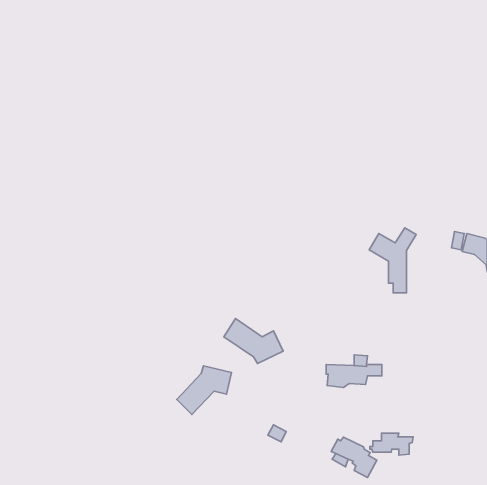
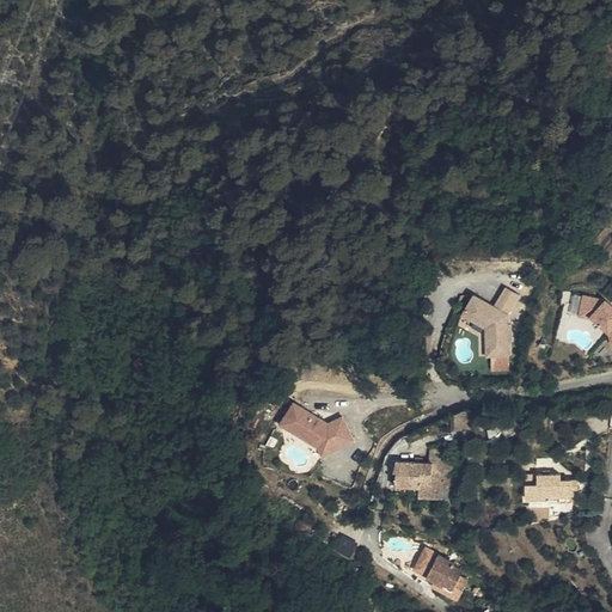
building: [177,366,231,415] -> none
building: [370,433,413,455] -> [521,476,575,503]

